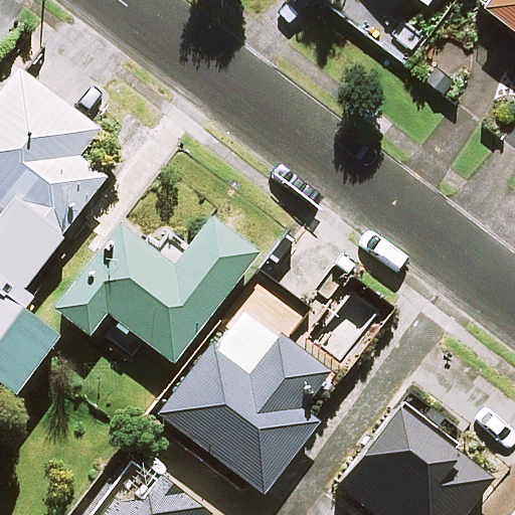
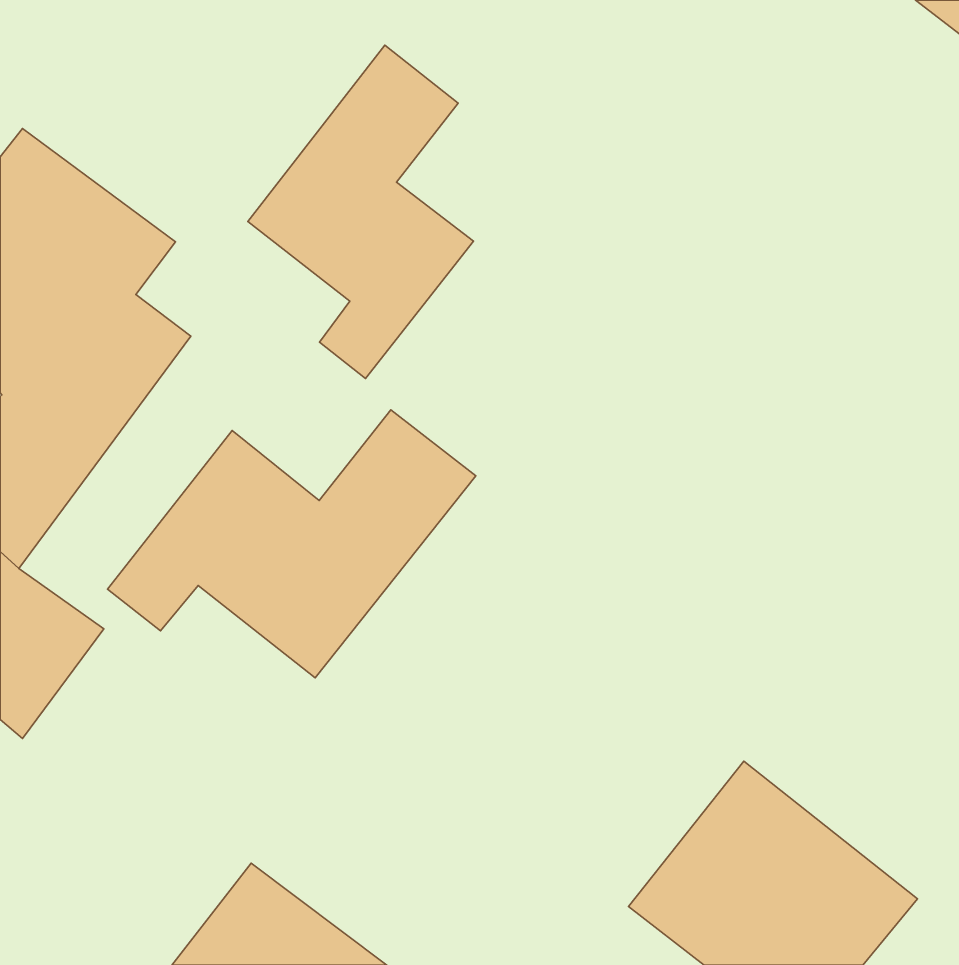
building: none -> [248,45,473,378]
building: [162,306,328,493] -> none

